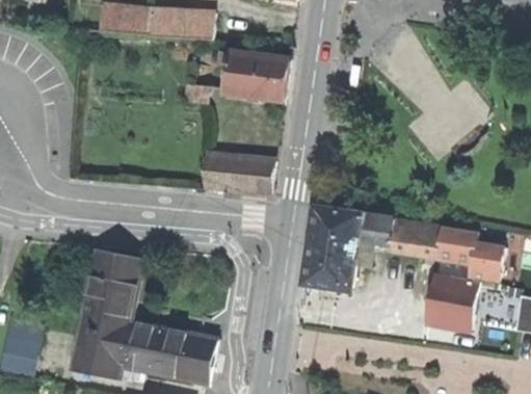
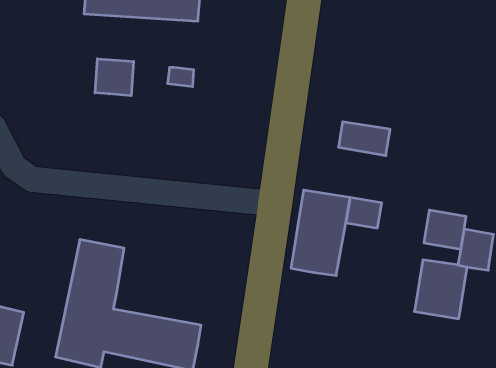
building: [223,51,289,100] -> none
building: none -> [95,59,134,96]
building: [204,153,274,194] -> none
building: [389,217,440,251] -> [338,122,390,156]

